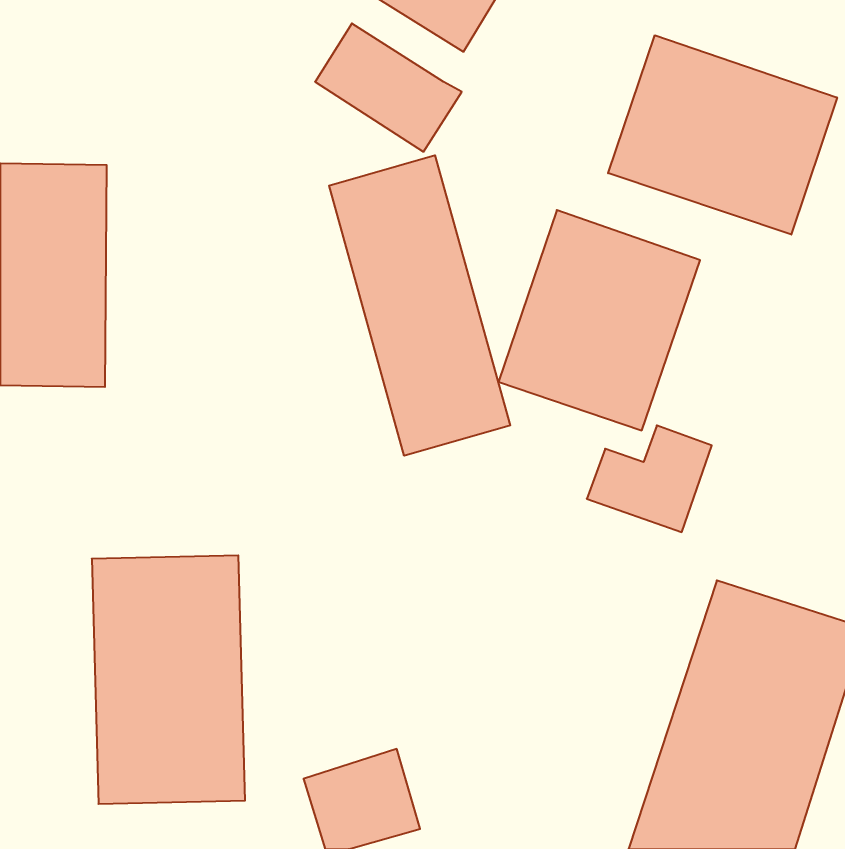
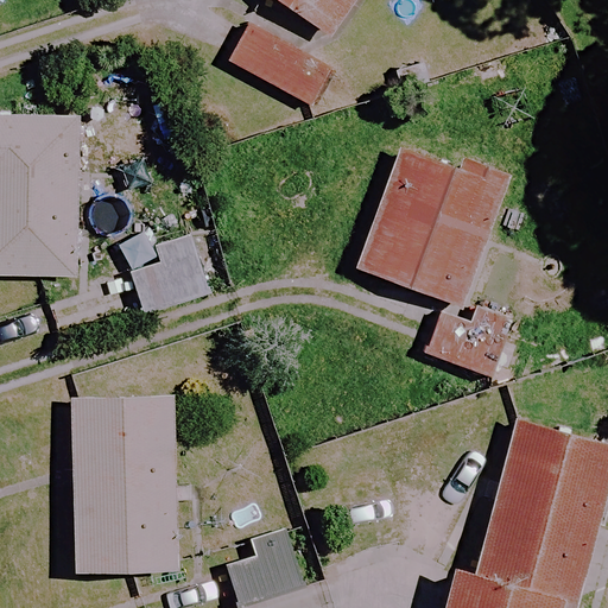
building: [608,35,837,235] -> none
building: [329,155,510,456] -> none
building: none -> [127,233,216,314]

